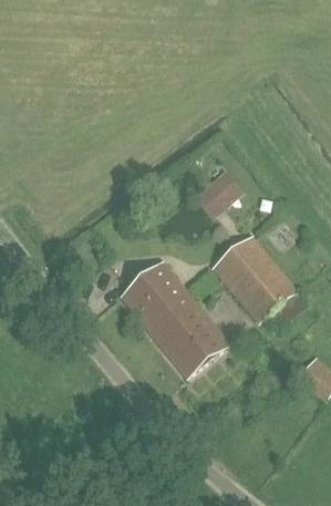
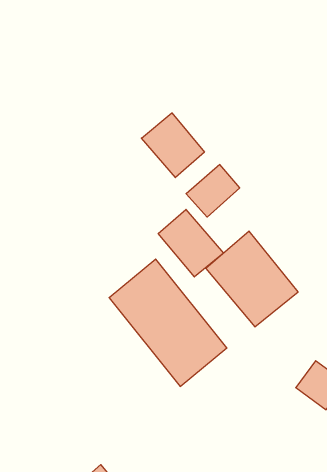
building: none -> [141,113,204,178]
building: none -> [158,209,224,277]

